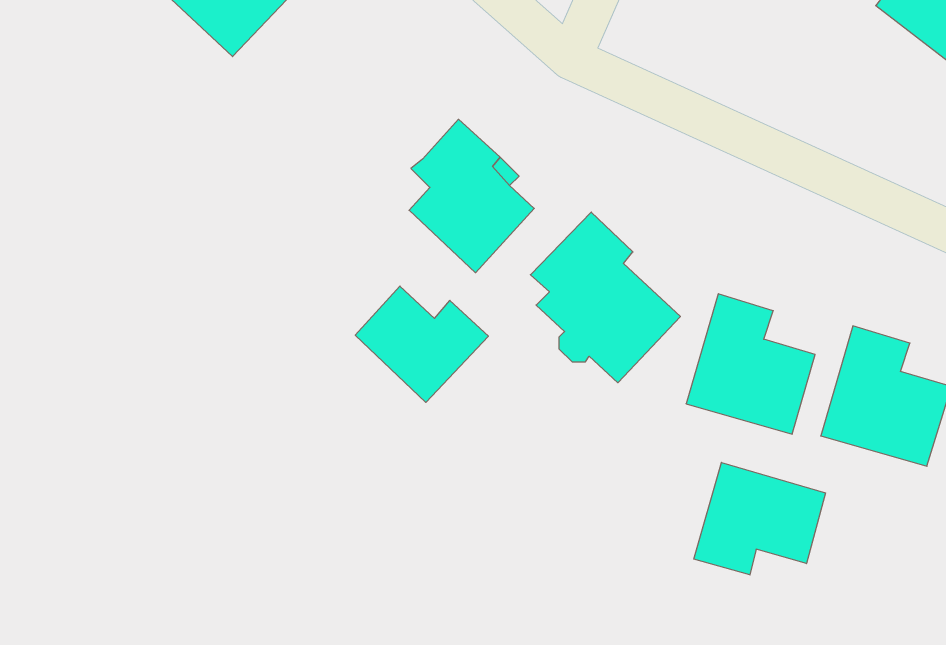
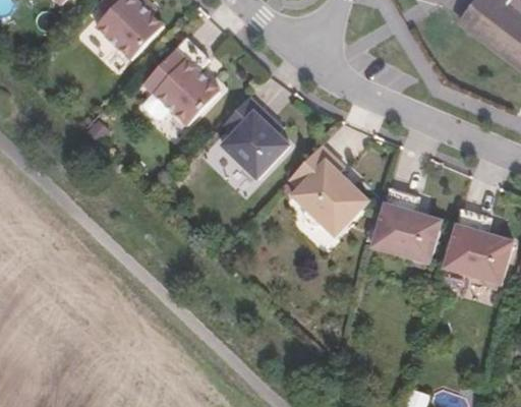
building: none -> [141,38,218,125]
building: [355,286,488,402] -> none
building: [694,462,825,575] -> none

